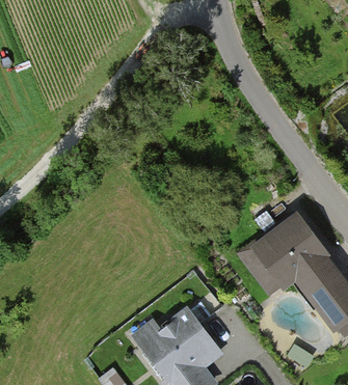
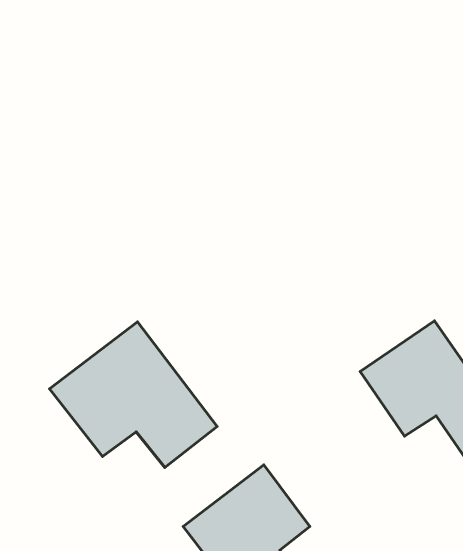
building: none -> [50,322,217,467]

